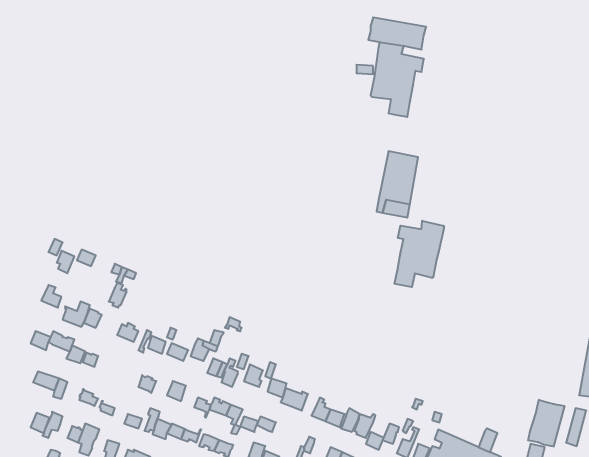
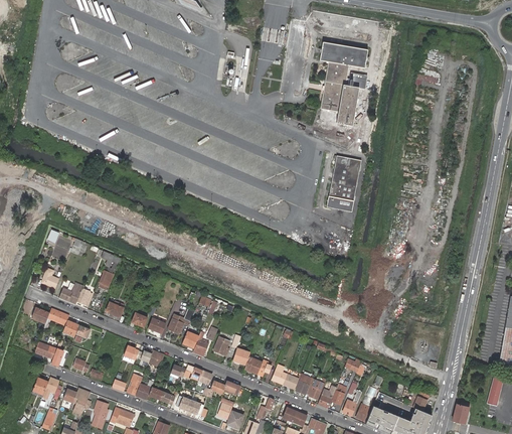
building: [394,221,444,287] -> none
building: [528,400,564,447] -> none

